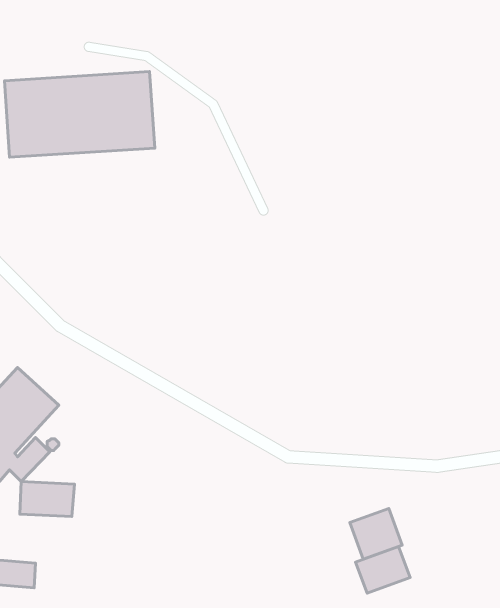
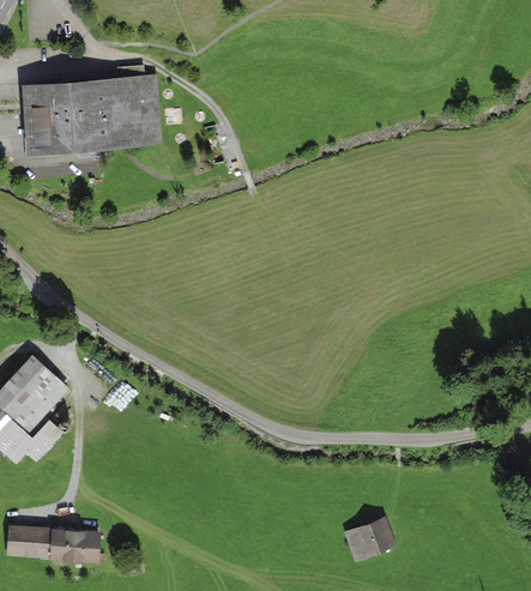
building: [20,482,74,517] -> [49,531,99,563]
building: [350,508,402,559] -> none

